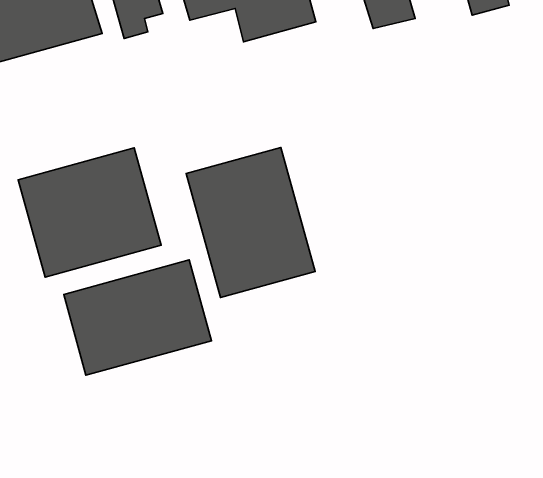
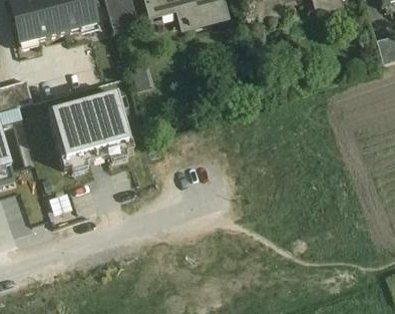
building: [186,147,315,298] -> none
building: [64,260,211,375] -> none

